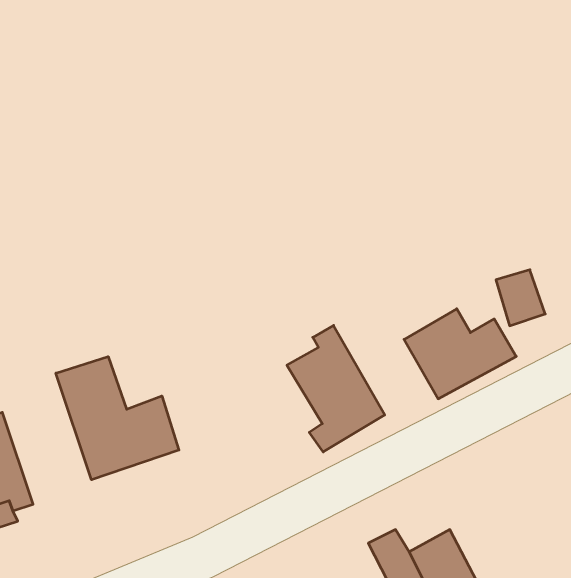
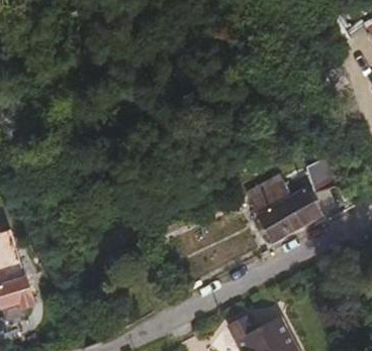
building: [287,325,385,452] -> none
building: [56,357,179,480] -> none

